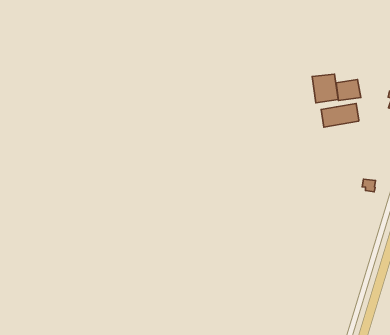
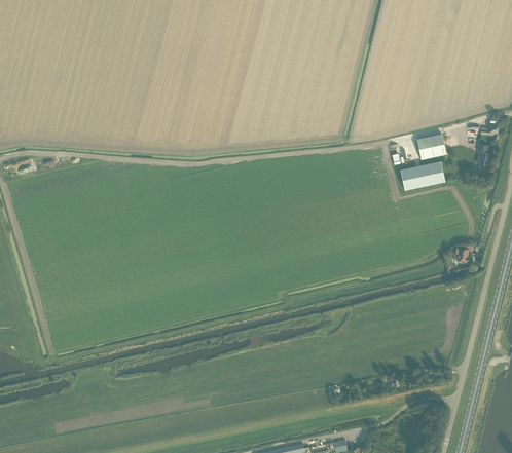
building: [312,74,338,103] -> none

